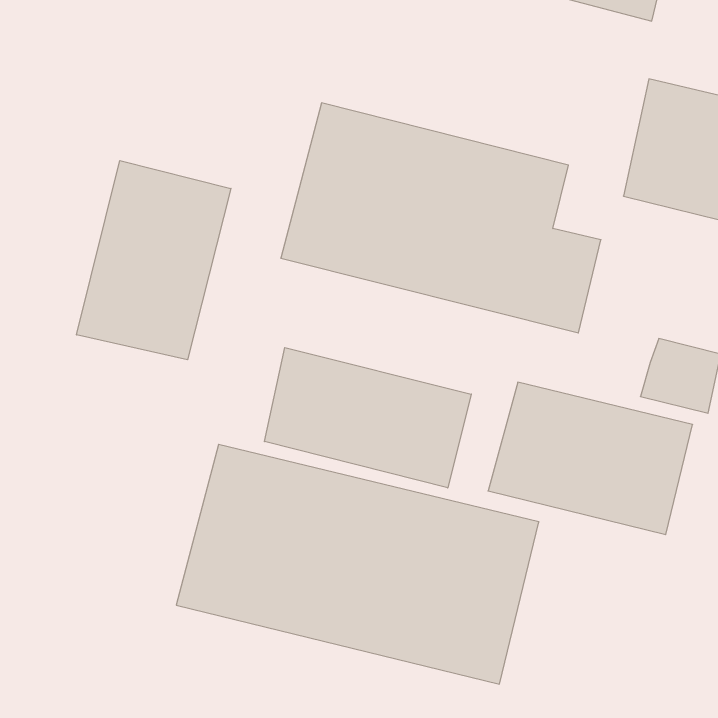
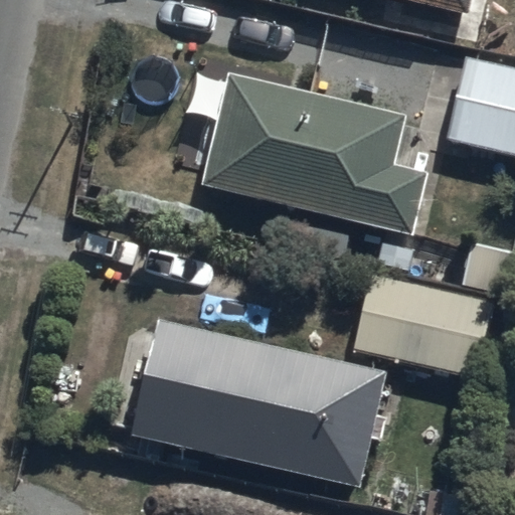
building: [77,161,231,360] -> none
building: [264,348,471,488] -> none

